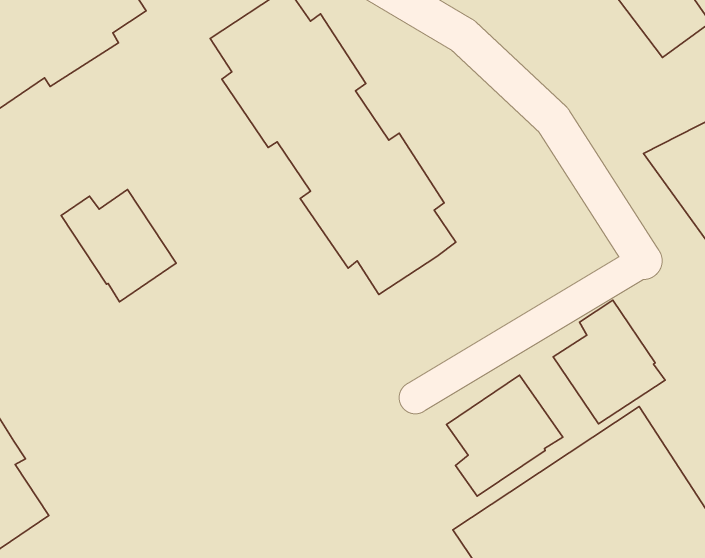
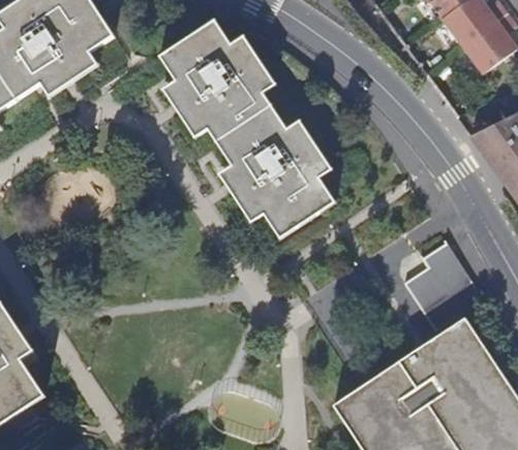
building: [61,190,176,302] -> none
building: [447,375,563,496] -> none

